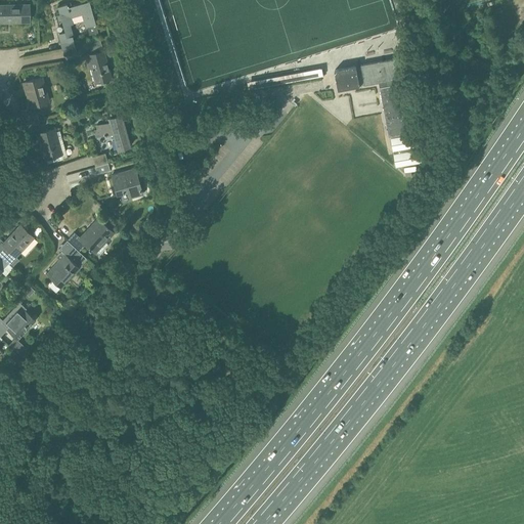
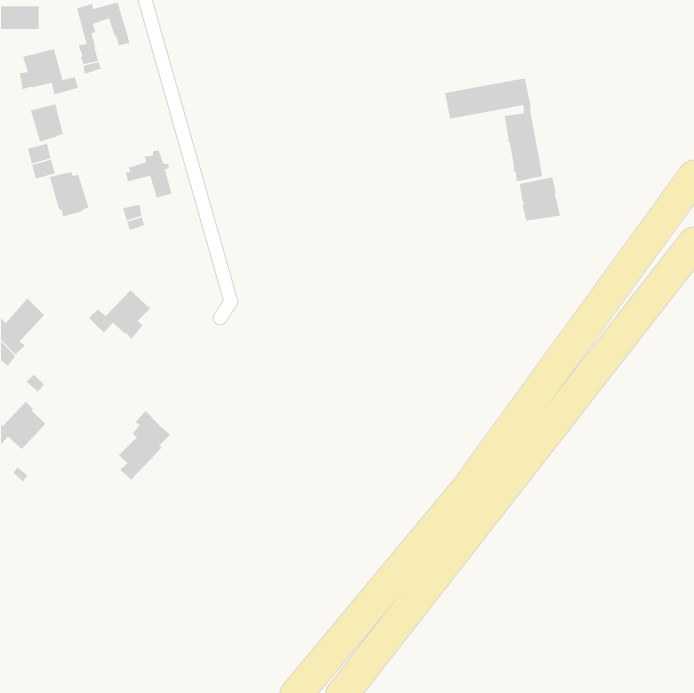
building: none -> [19,48,79,95]
building: [85,52,111,83] -> none
building: [111,169,142,199] -> none
building: [46,241,86,294] -> [118,410,171,481]

